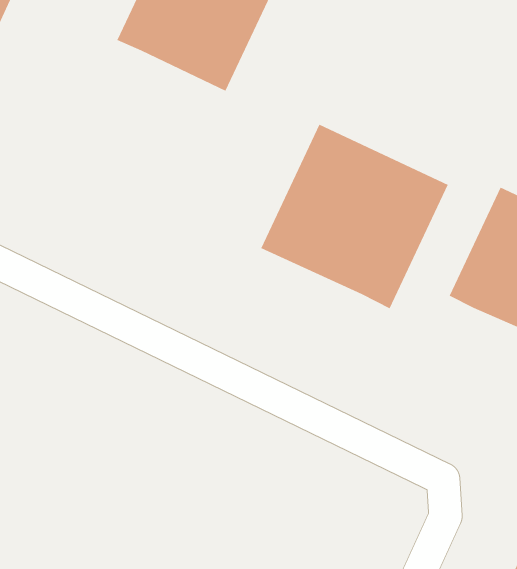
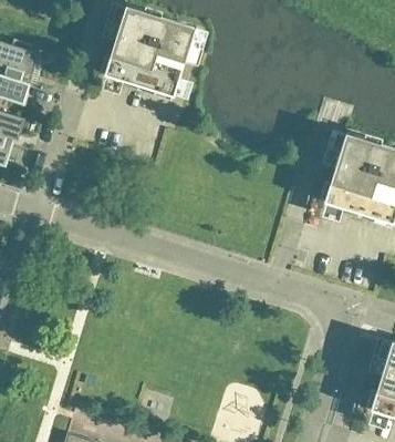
building: [261,124,448,309] -> none

